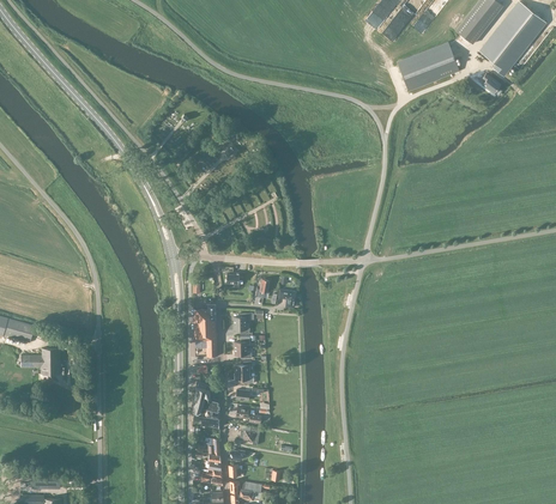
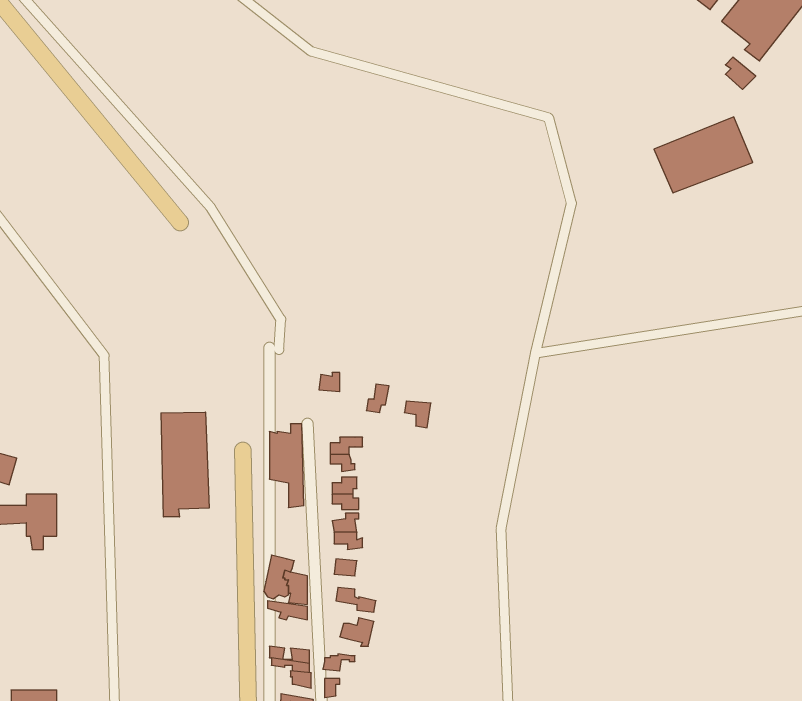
building: [398,42,460,90] -> [654,117,753,193]
building: none -> [161,412,209,517]

